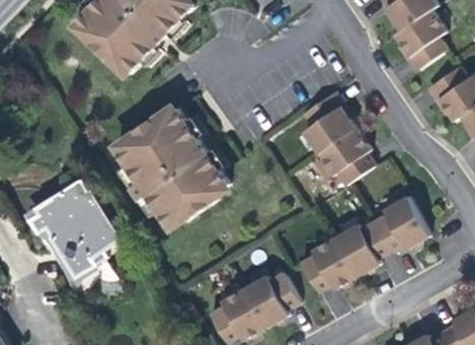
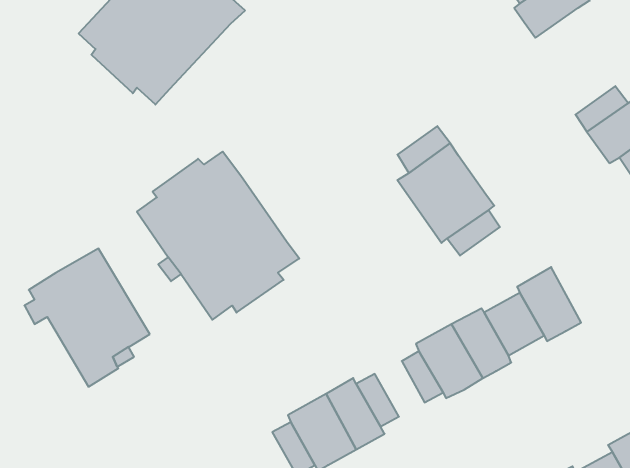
building: [392,8,444,67] -> none

